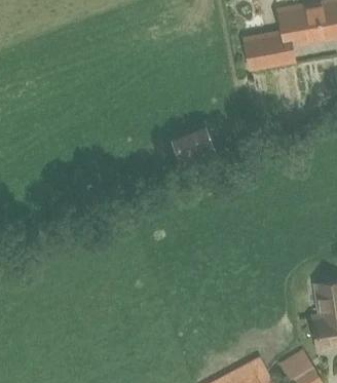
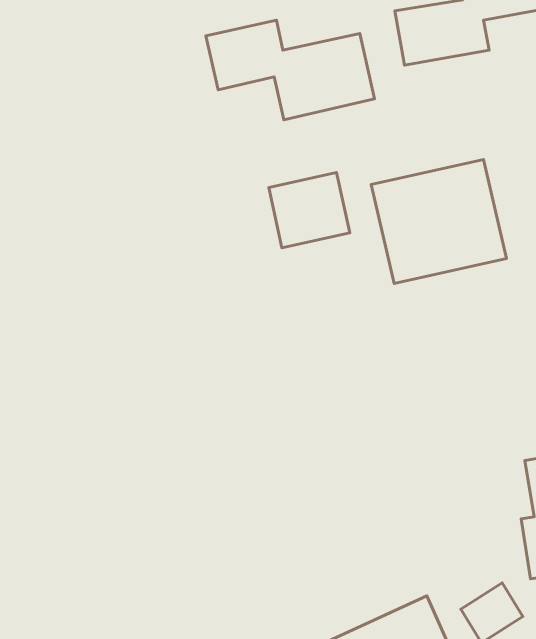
building: none -> [206,20,375,120]
building: none -> [371,159,507,284]

